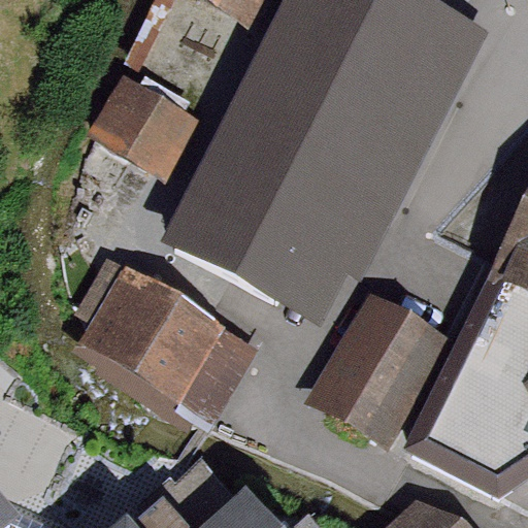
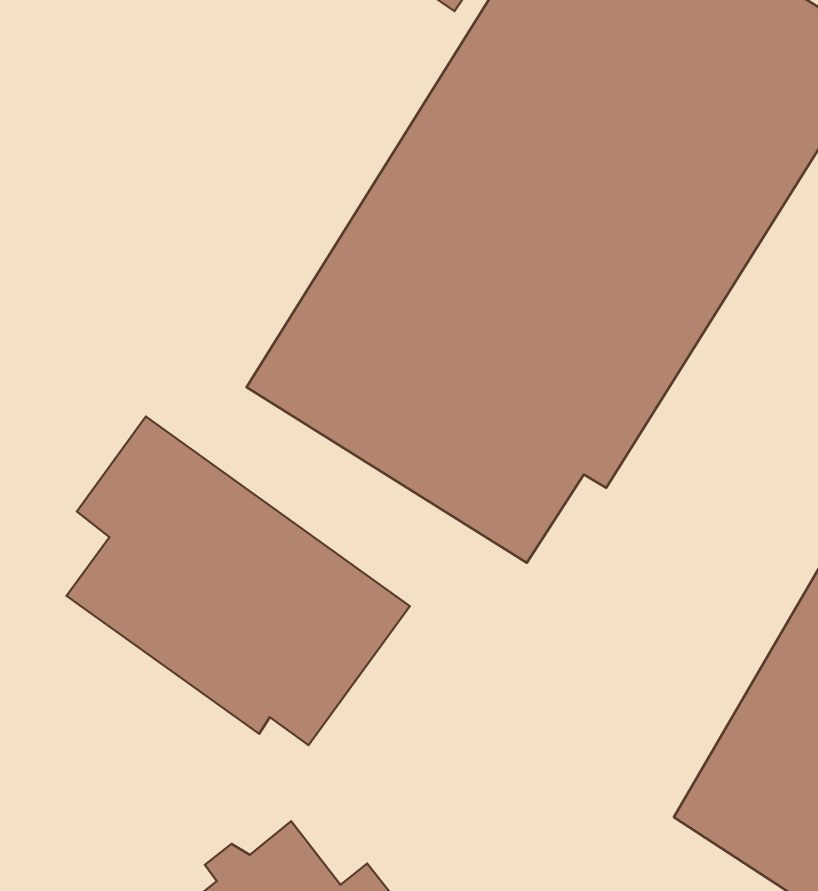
building: [92,76,209,186] -> none
building: [309,295,448,447] -> none

